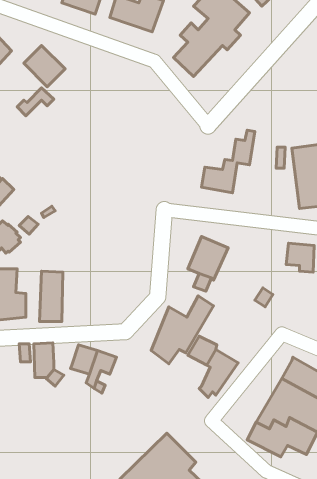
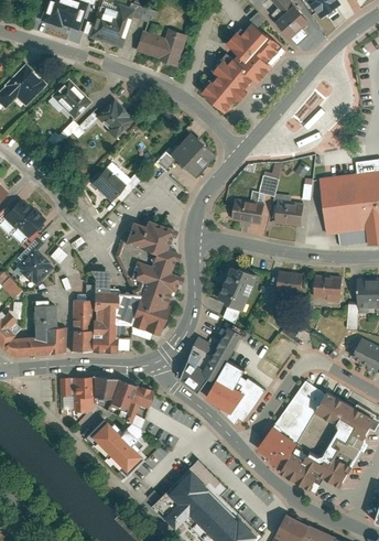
building: none -> [104,100,139,139]
building: none -> [170,133,215,178]
building: none -> [93,163,131,202]
building: none -> [275,195,305,227]
building: none -> [127,221,178,338]
building: none -> [278,270,302,293]
building: none -> [93,271,118,353]
building: none -> [84,372,109,394]
building: none -> [250,376,320,468]
building: none -> [208,385,239,415]
building: none -> [84,421,136,473]

